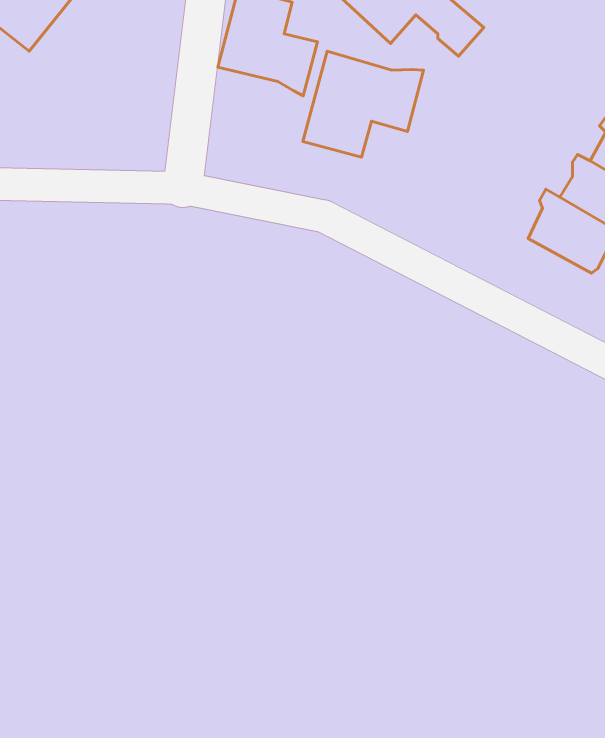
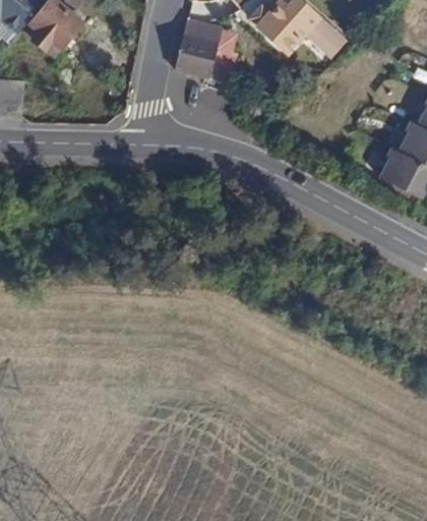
building: [303,51,424,157] -> none

